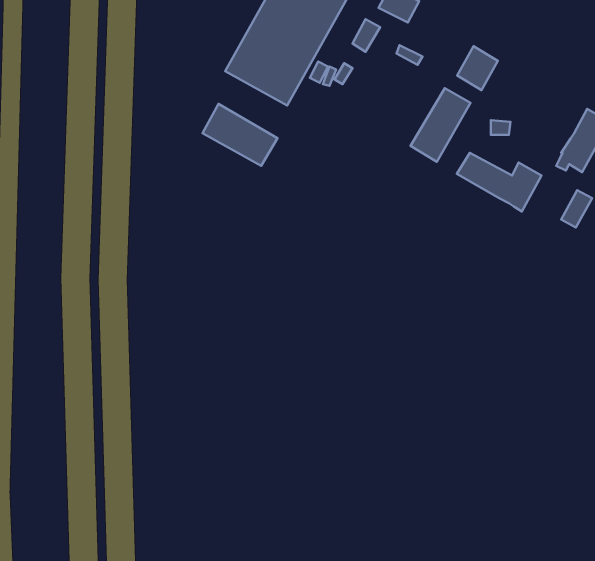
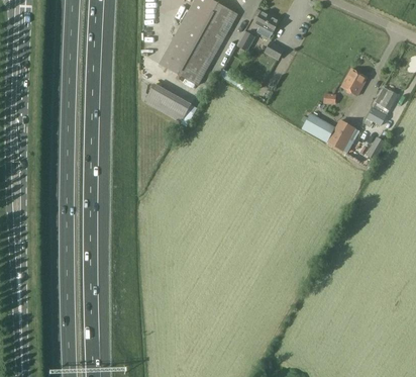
building: [457,46,498,90] -> [342,68,368,95]
building: [410,88,471,162] -> none

